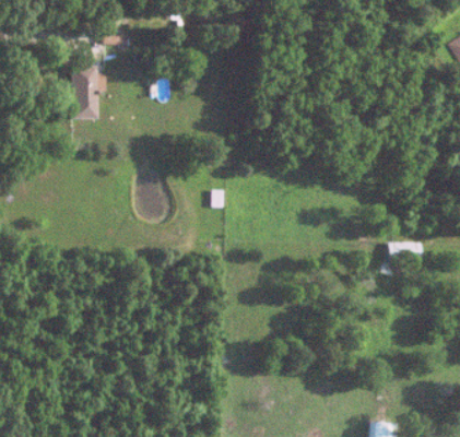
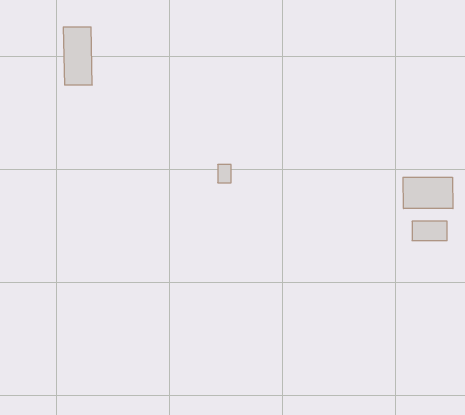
building: none -> [403,177,453,209]

